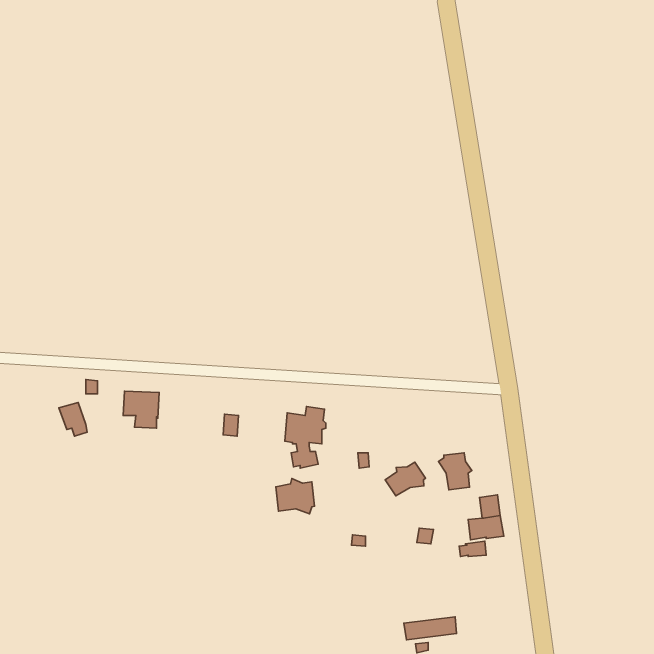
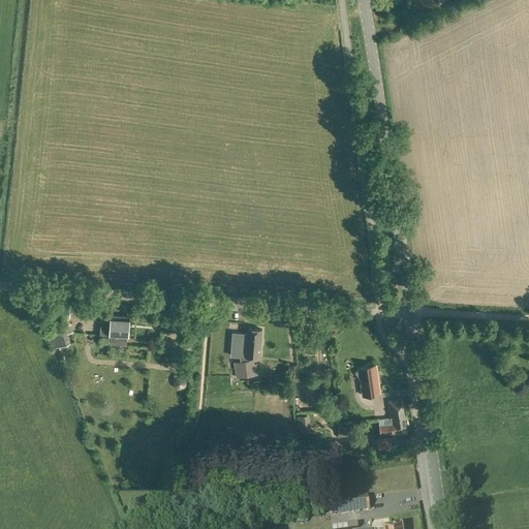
building: [385,462,425,496] -> none
building: [276,479,315,514] -> none

